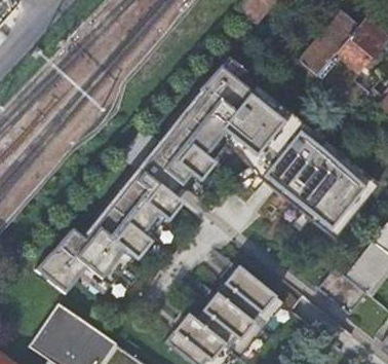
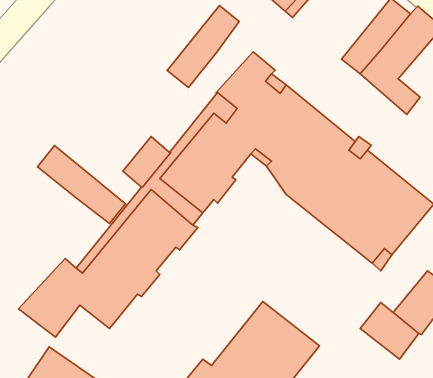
building: none -> [167,6,239,88]
building: none -> [38,146,125,223]

